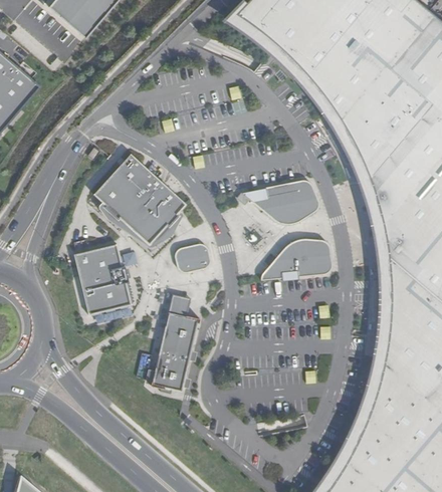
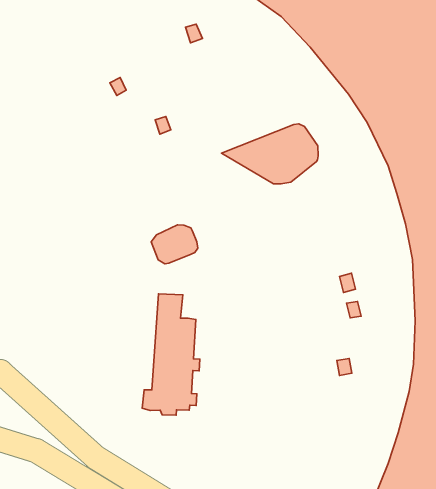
building: [94,154,188,245] -> none
building: [262,239,333,281] -> none
building: [75,244,133,315] -> none

